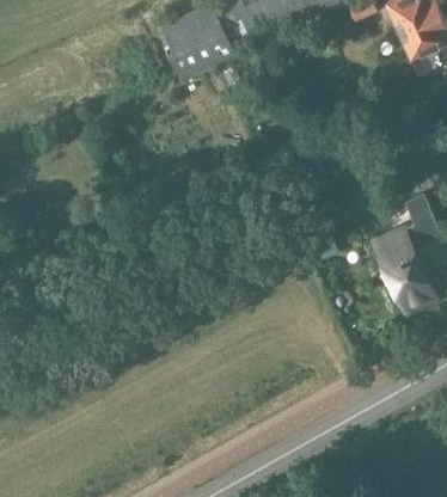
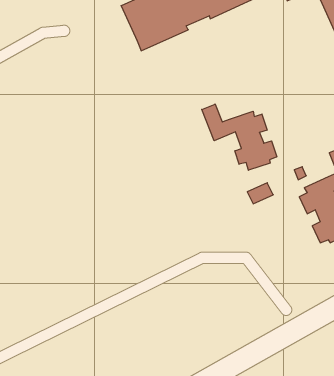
building: none -> [202,104,277,170]

